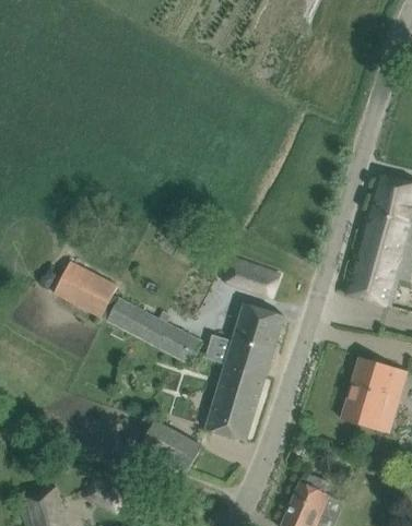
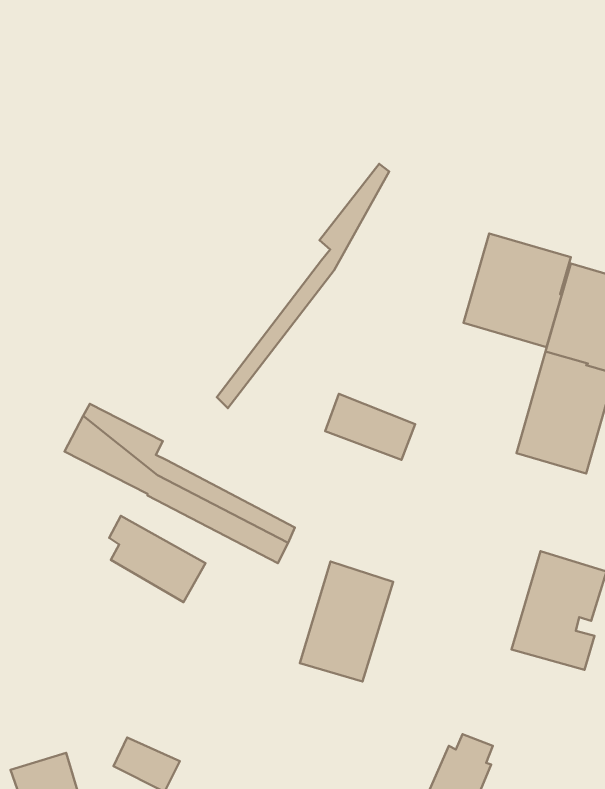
building: none -> [217,164,389,408]
building: none -> [464,233,571,347]
building: [225,302,284,375] -> none
building: [140,415,202,470] -> [109,516,206,602]

